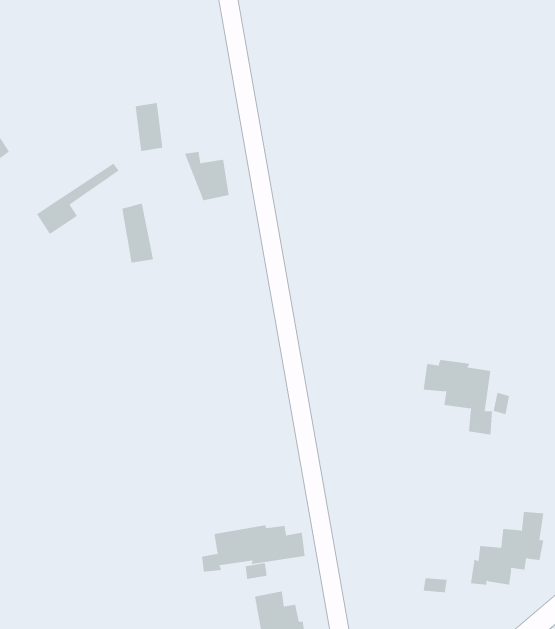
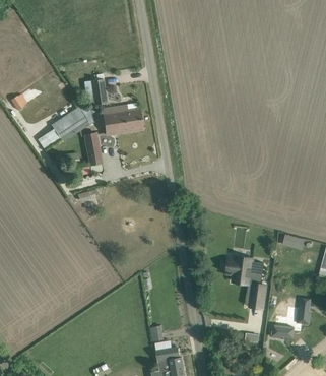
building: none -> [103,106,128,134]
building: [423,360,493,435] -> [230,258,267,299]
building: [202,524,305,573] -> none

